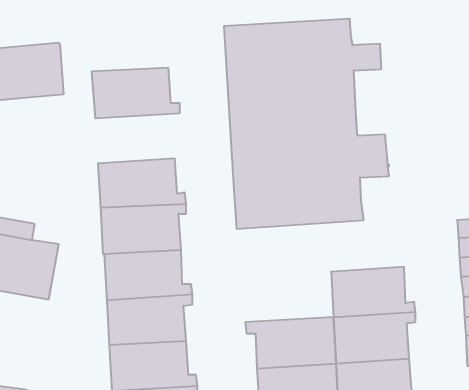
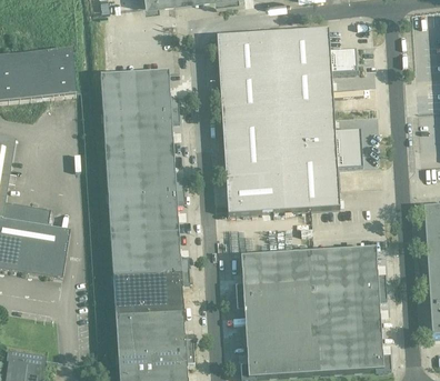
building: none -> [103,111,179,156]
building: none -> [236,251,313,295]

